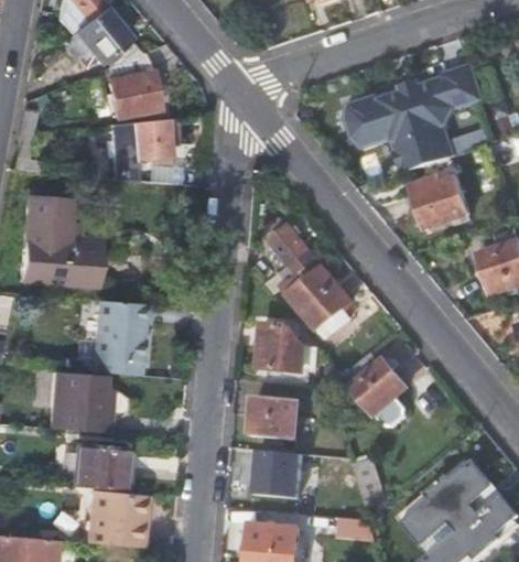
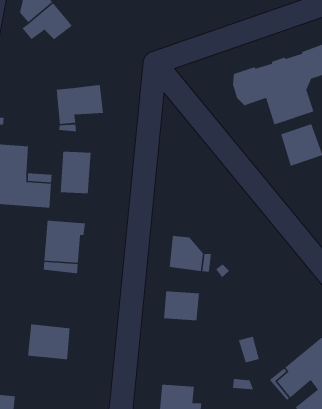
building: [105,52,160,119] -> none
building: none -> [60,151,92,194]
building: [269,224,354,331] -> none
building: [345,352,408,426] -> none
building: [51,371,126,434] -> none
building: [253,450,302,498] -> none
building: [87,489,144,549] -> none

